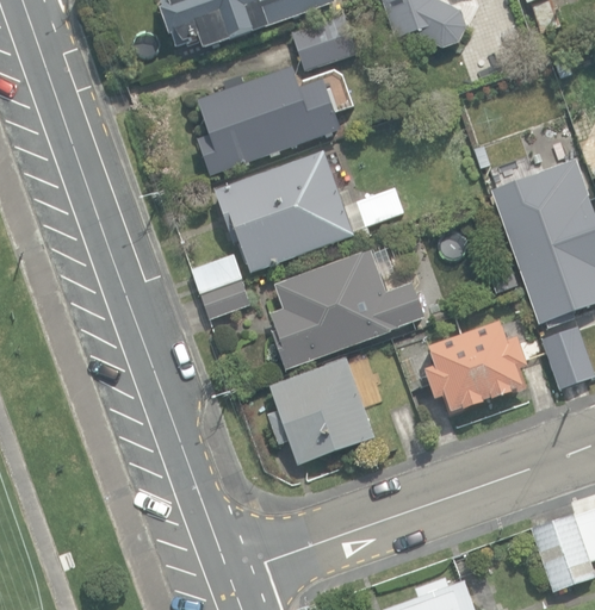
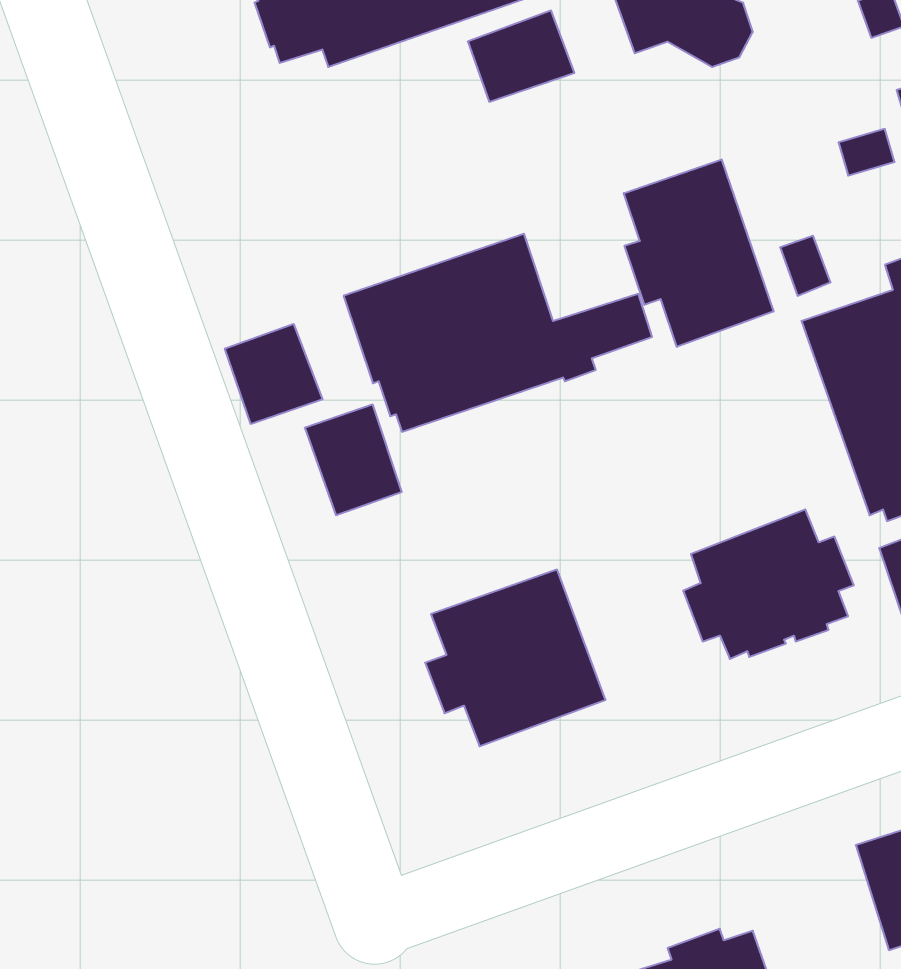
building: [198,67,341,175] -> none
building: none -> [624,159,774,347]
building: none -> [225,324,322,424]
building: [271,249,424,369] -> none

